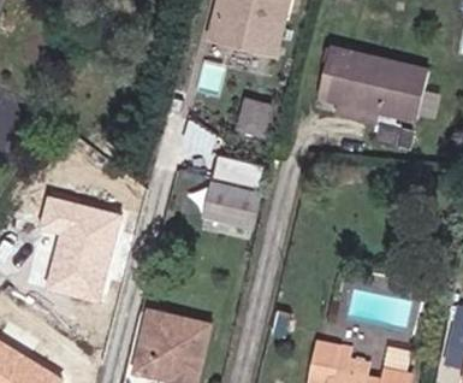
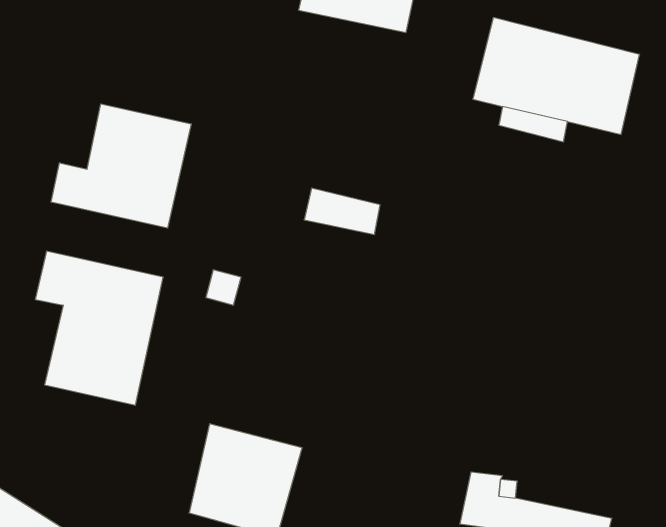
building: [235,98,274,139] -> none
building: none -> [51,104,191,228]
building: [201,184,256,226] -> none

